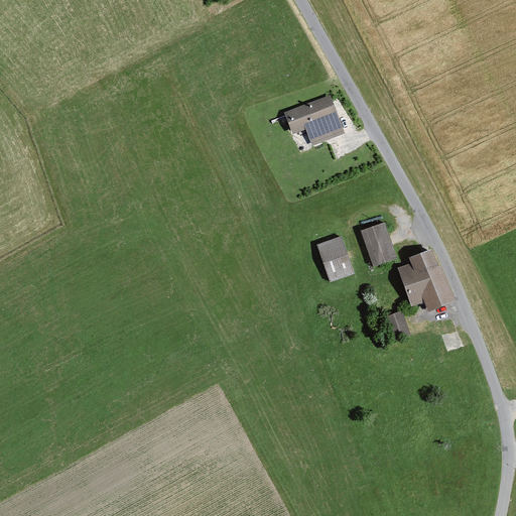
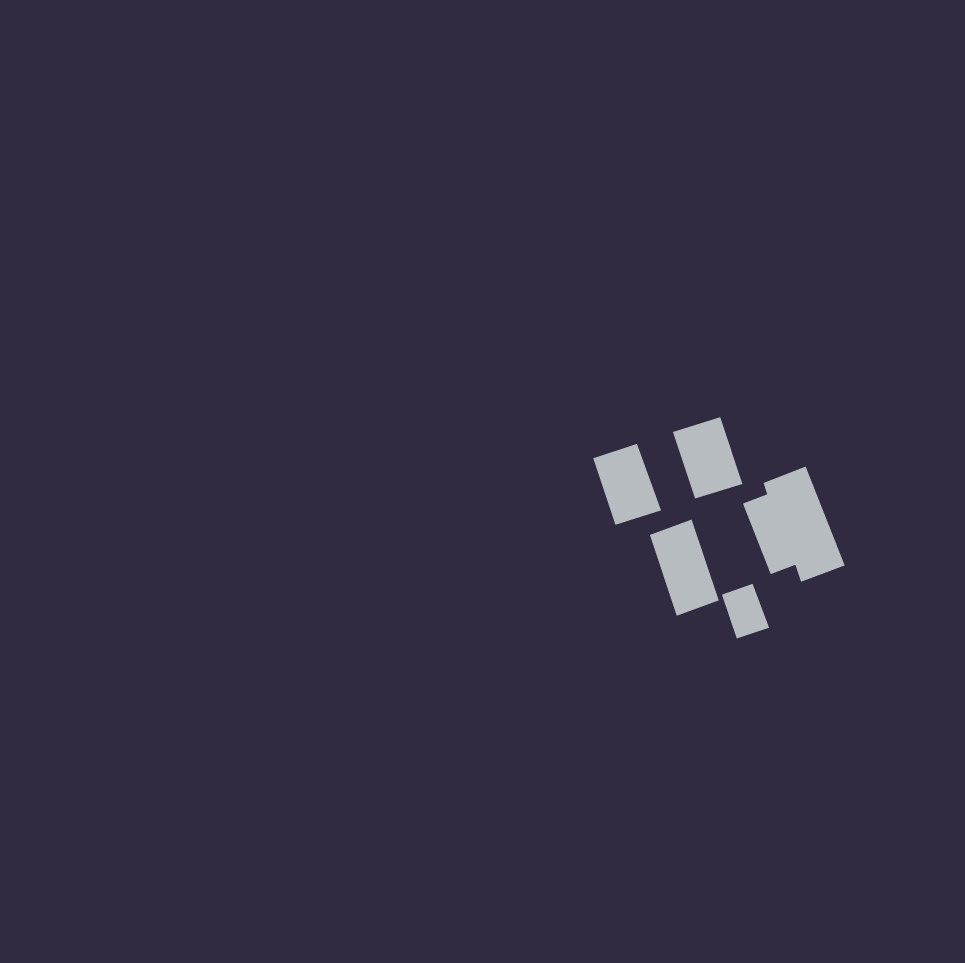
building: [282,94,344,144] -> none
building: none -> [649,518,720,617]

